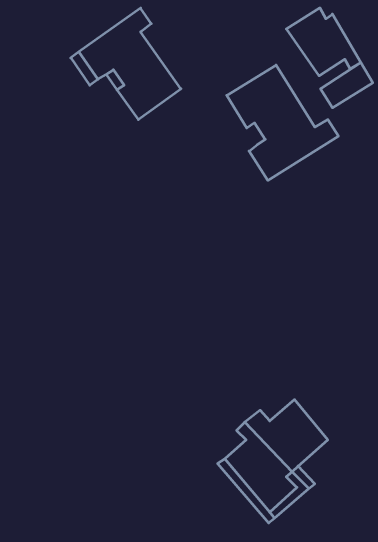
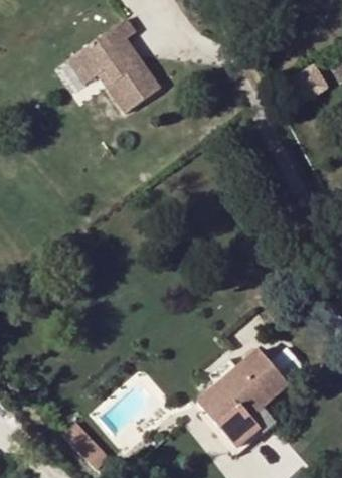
building: [286,8,361,76] -> none
building: [227,65,338,180] -> none

